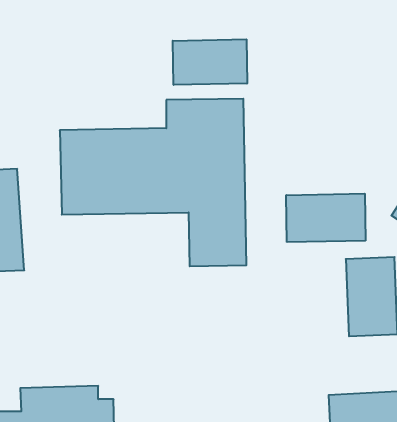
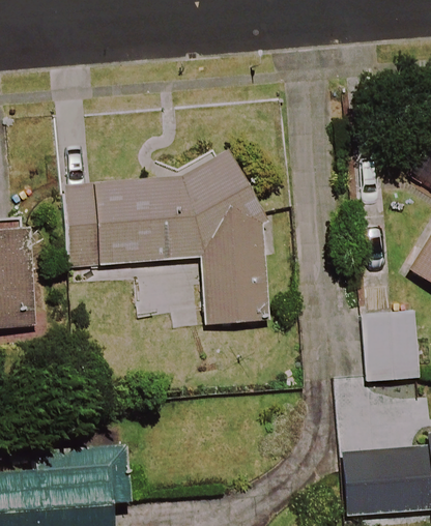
building: [173,39,247,85] -> none
building: [286,194,365,242] -> none

